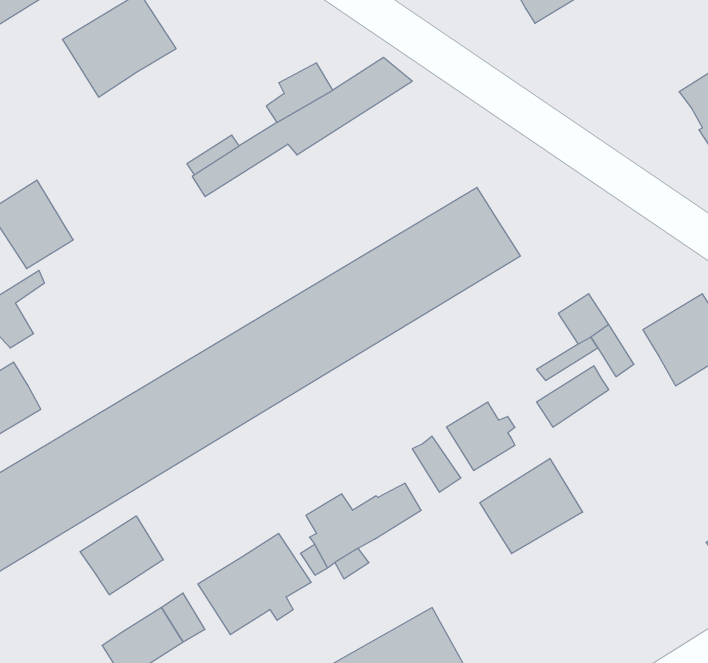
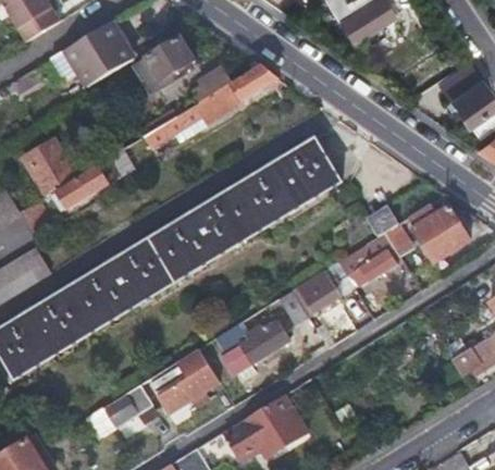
building: none -> [135,33,196,90]
building: none -> [57,158,111,207]
building: [480,458,583,554] -> none
building: [80,516,163,595] -> none

